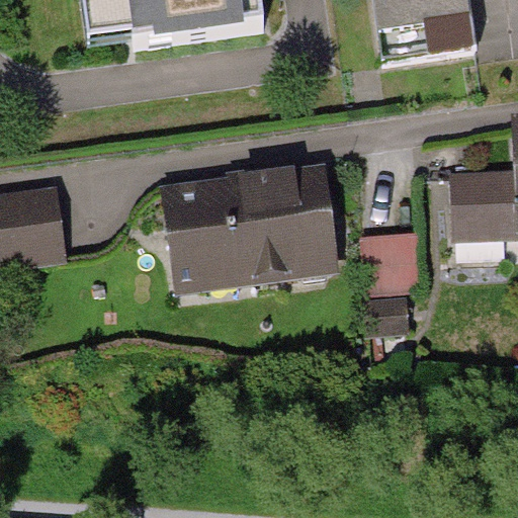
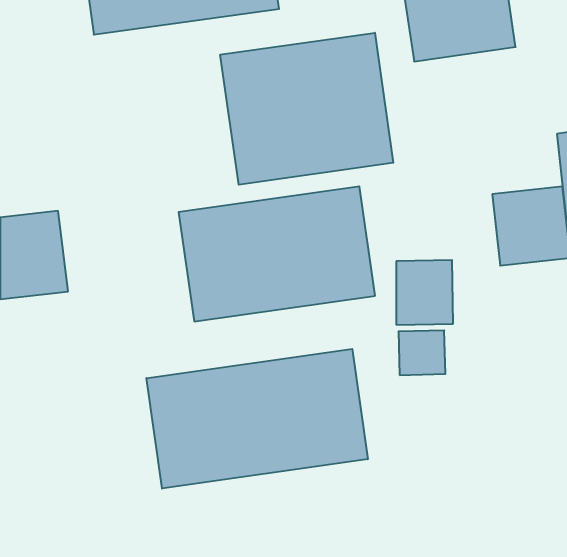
building: none -> [220,33,393,185]
building: none -> [146,349,368,489]

